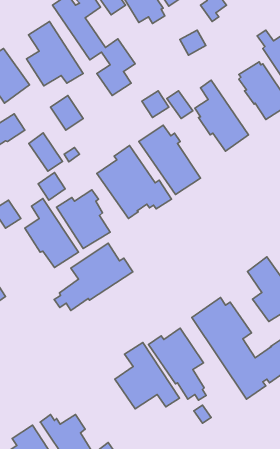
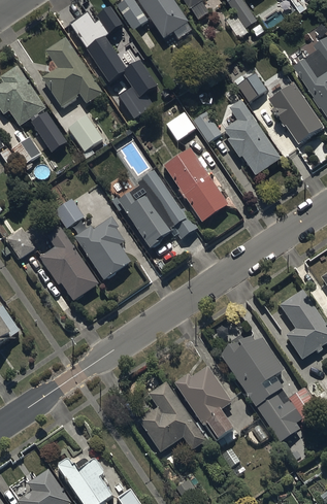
building: [180,30,206,55] -> [237,70,265,97]
building: [29,133,62,171] -> [30,108,66,149]
building: [54,243,133,311] -> none

